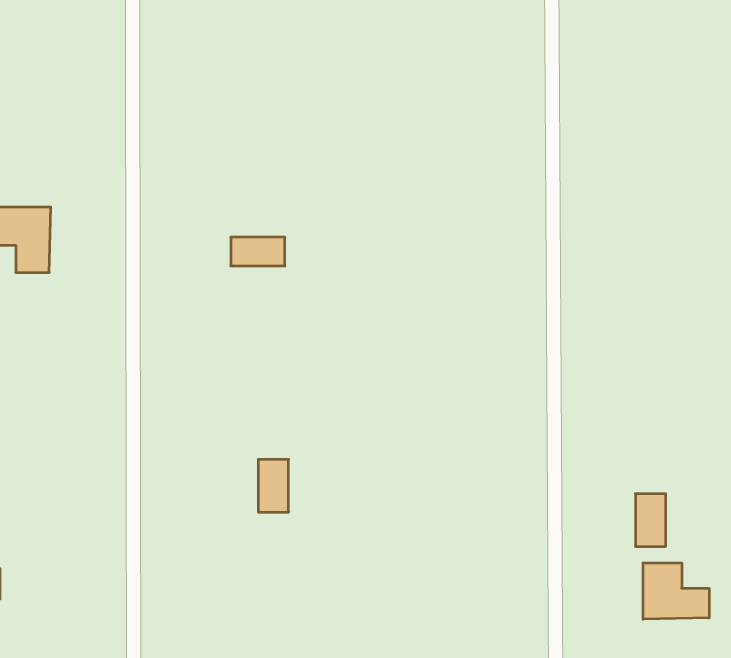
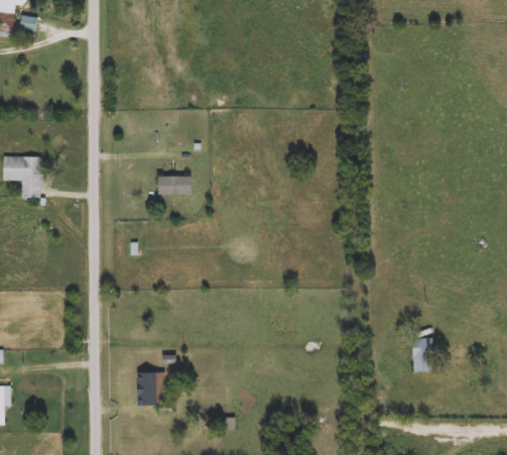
building: [258,459,289,512] -> [145,372,164,406]
building: [643,563,709,619] -> none

